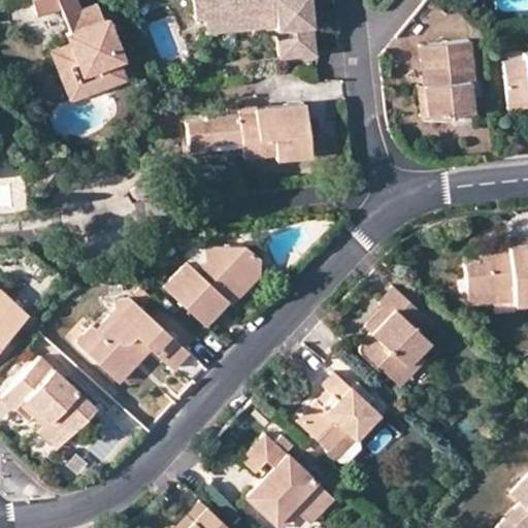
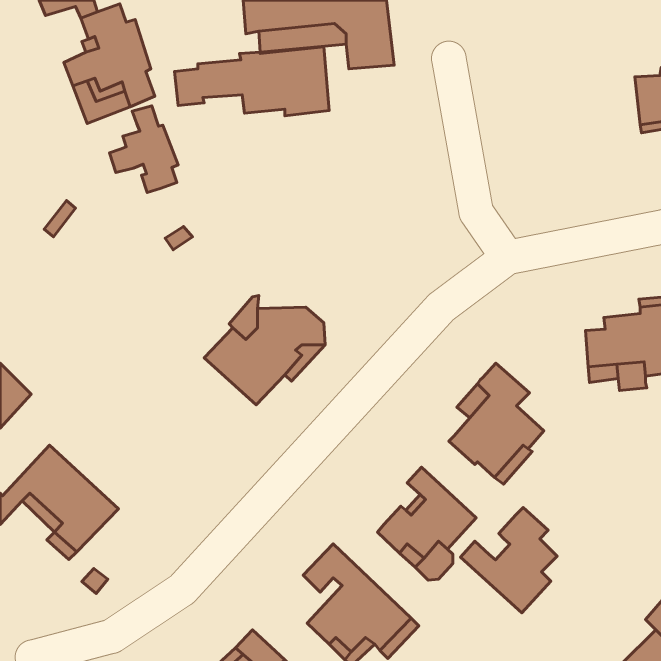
building: [422,42,474,114] -> none
building: none -> [109,106,178,193]
building: [189,104,311,159] -> [174,47,329,116]
building: [79,300,190,383] -> none
building: none -> [460,508,557,613]

